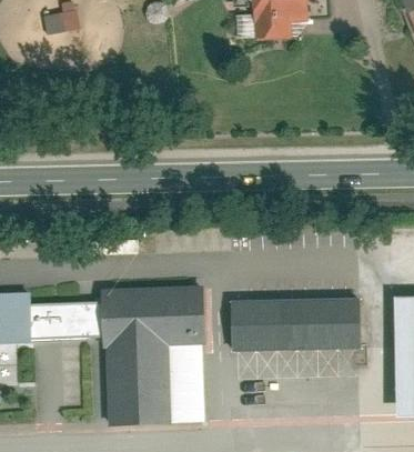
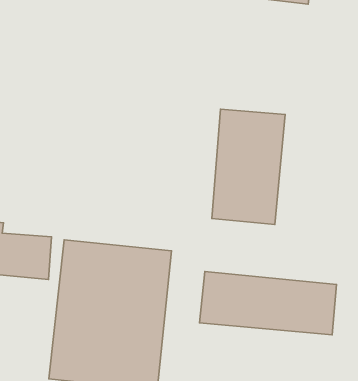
building: none -> [212,109,285,225]

